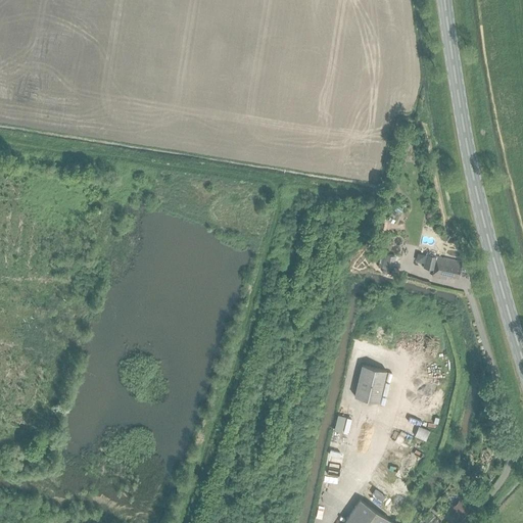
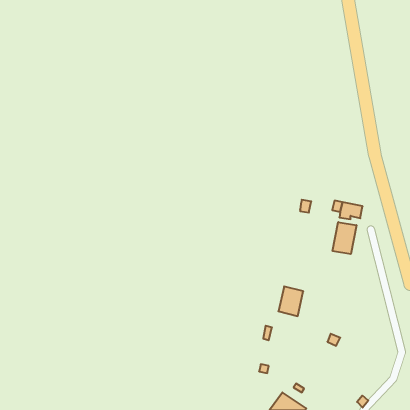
building: none -> [333,222,356,254]

